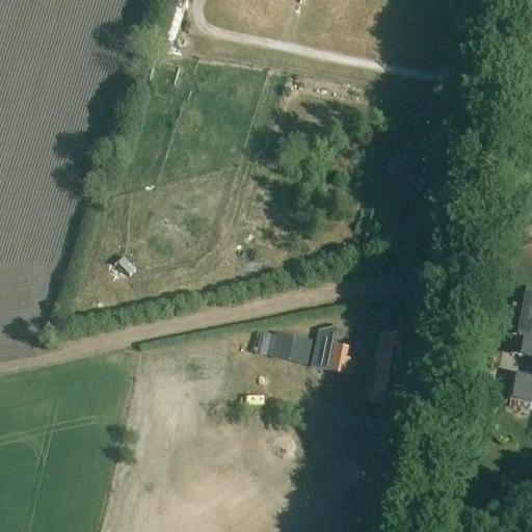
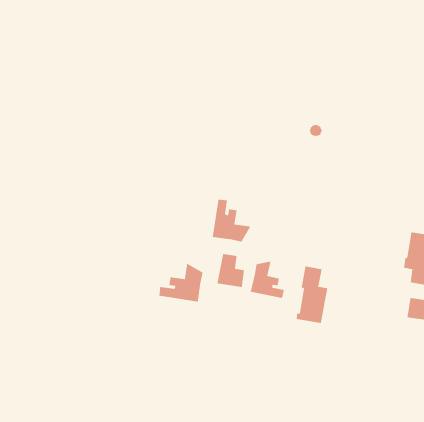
building: none -> [212,199,251,242]
building: none -> [158,262,203,303]

